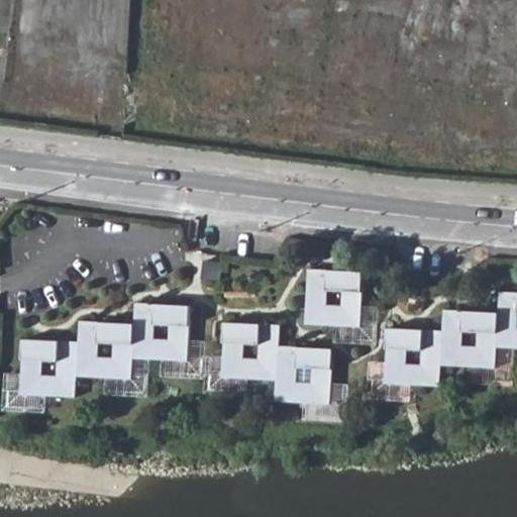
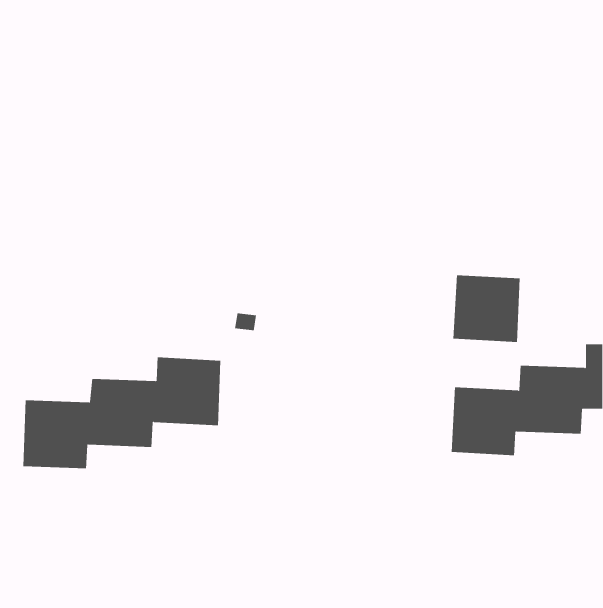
building: [303,270,360,327] -> [453,275,520,343]
building: [220,322,331,404] -> none

